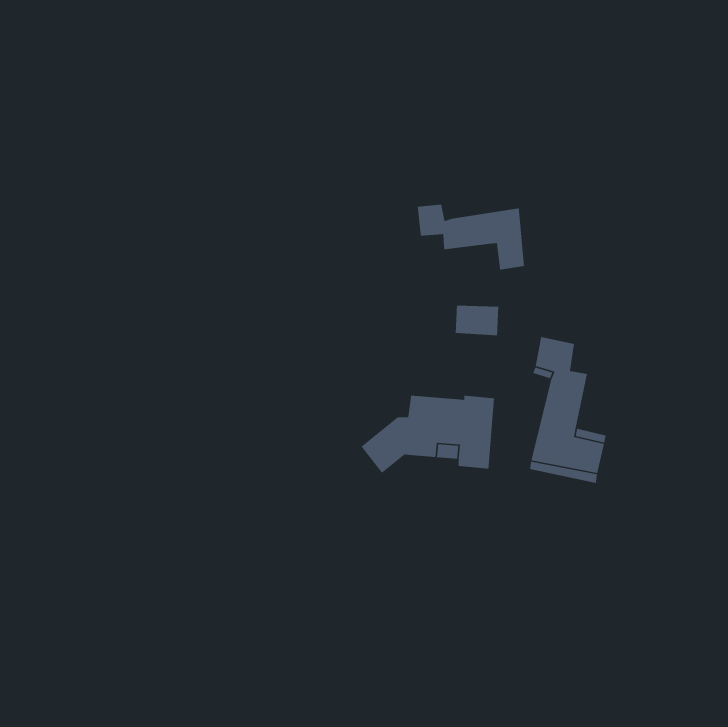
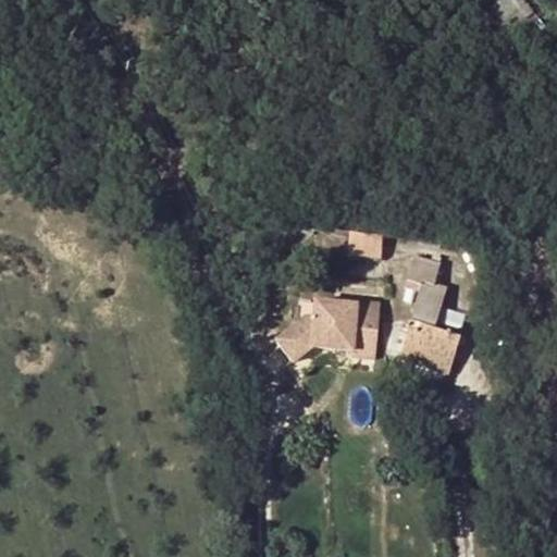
building: [417,204,525,270] -> none

